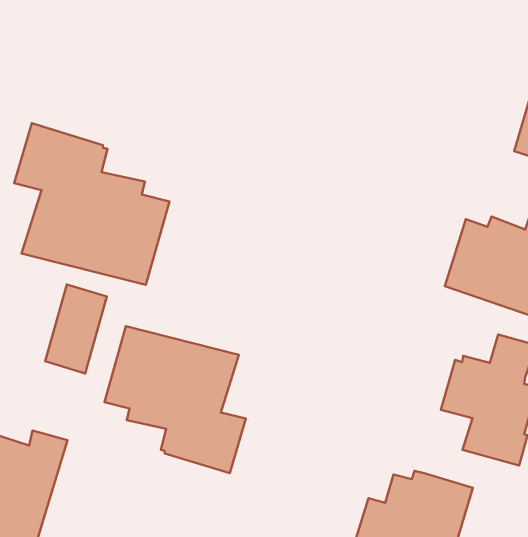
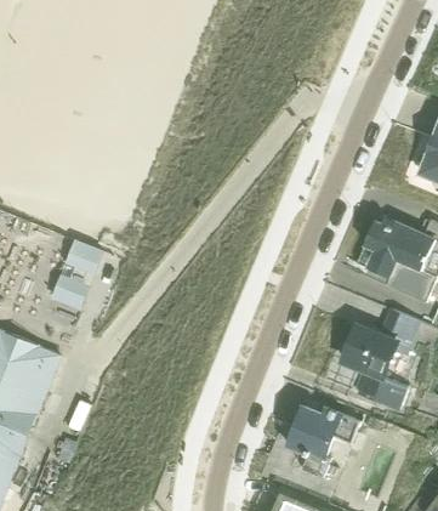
building: [14,123,169,285] -> none
building: [104,326,246,473] -> none

